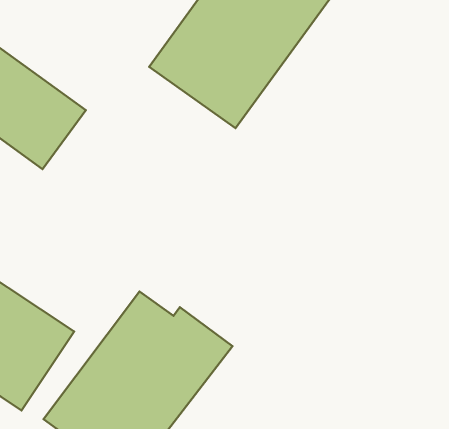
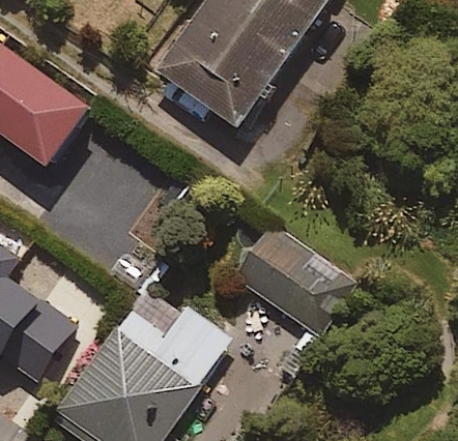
building: none -> [234,224,355,377]

